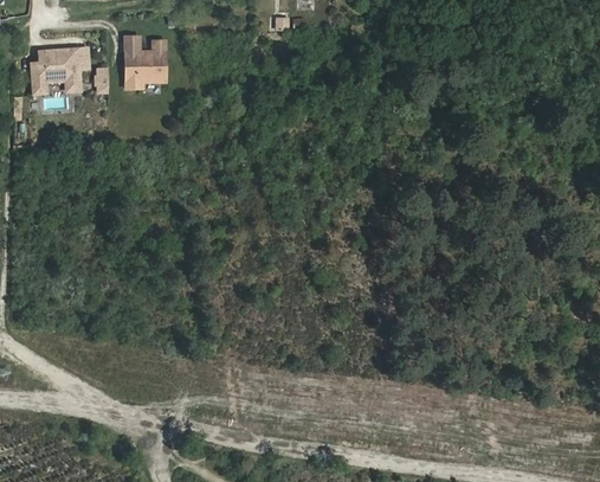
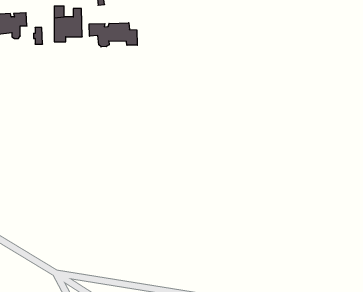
building: none -> [89,23,137,47]

